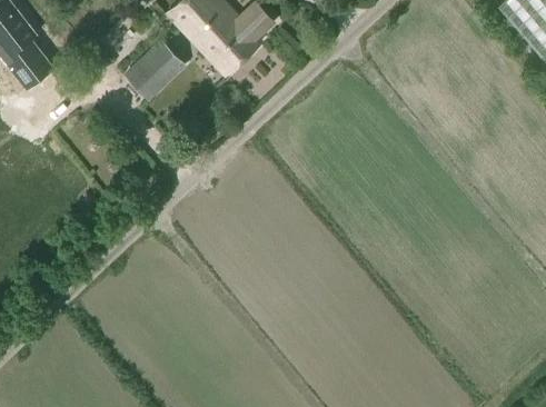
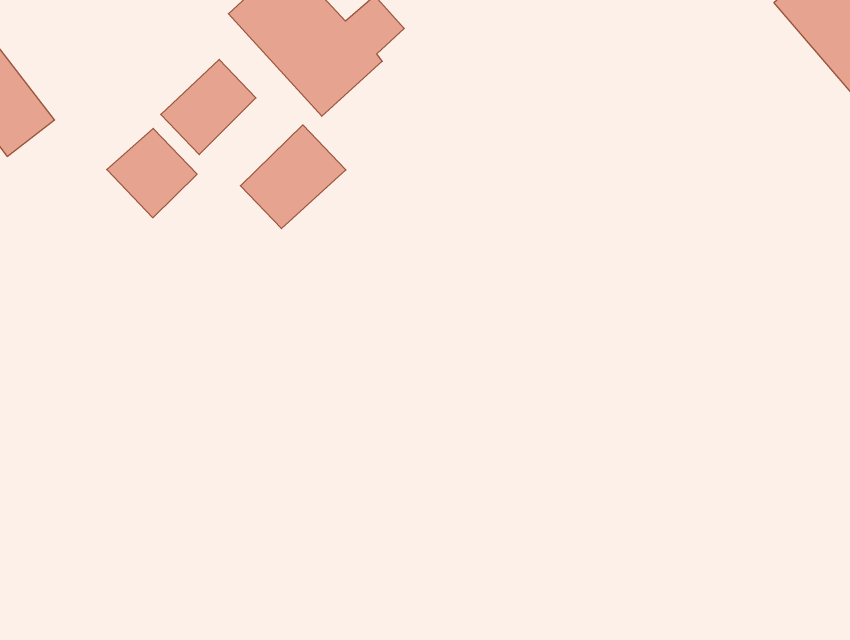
building: none -> [240,125,346,229]
building: none -> [107,128,197,218]

